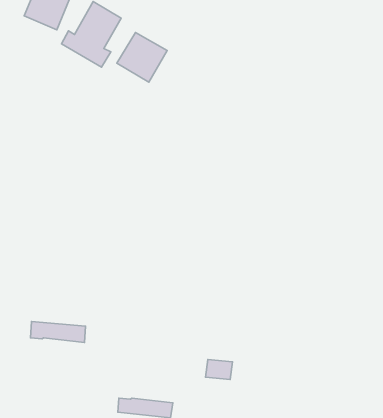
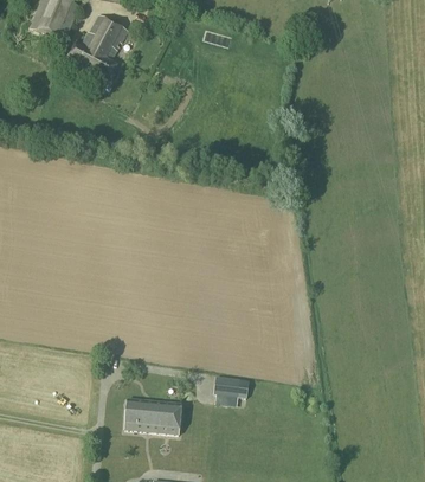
building: [117,32,167,82] -> none
building: [30,321,86,342] -> [127,398,182,419]

